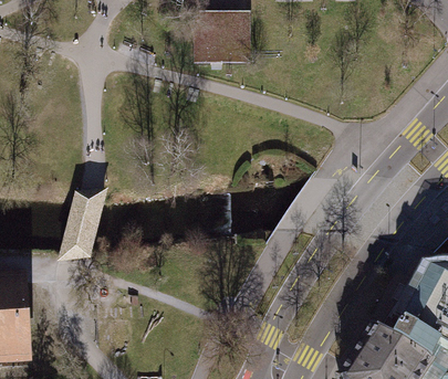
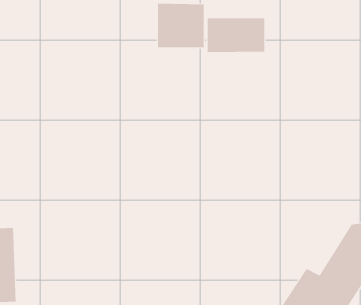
building: none -> [207,17,265,53]

